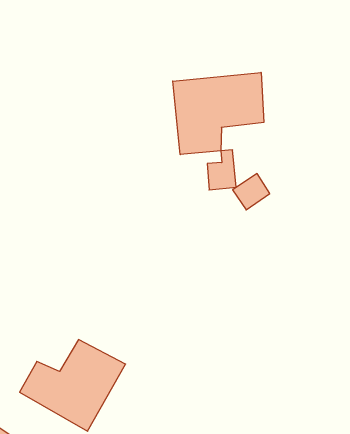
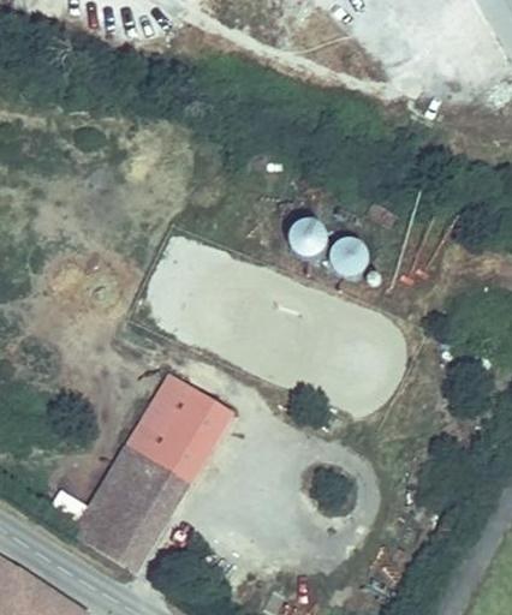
building: [173,72,264,155] -> none
building: none -> [121,369,231,486]

